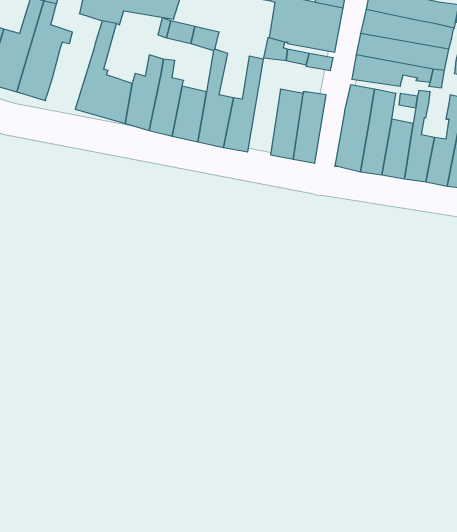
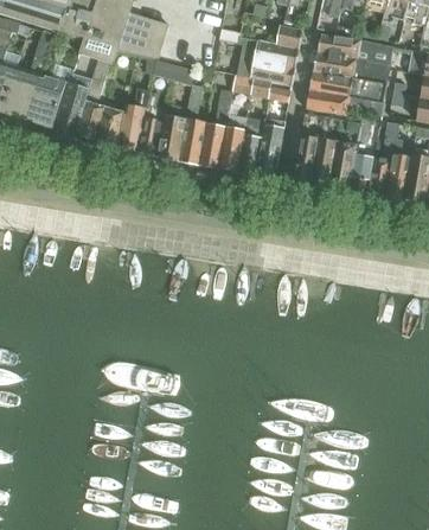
building: none -> [55,71,92,133]
building: none -> [219,113,246,171]

